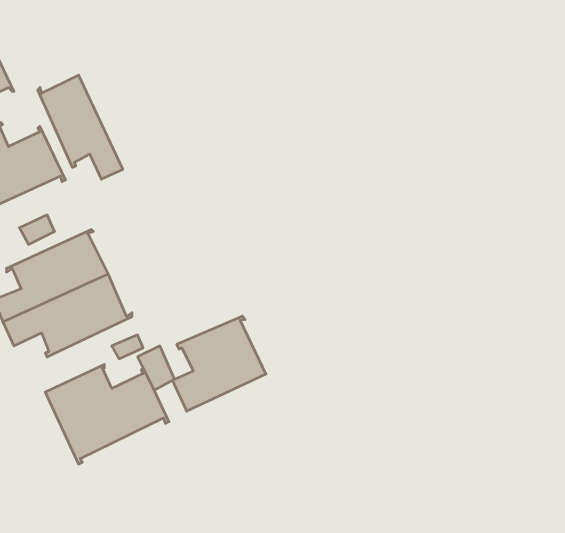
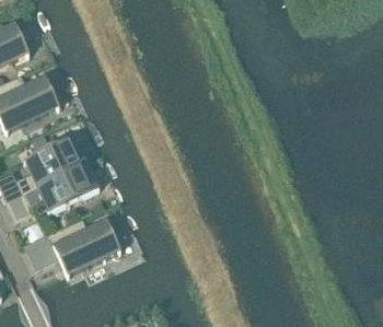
building: [38,75,123,179] -> none
building: [172,316,266,411] -> none

